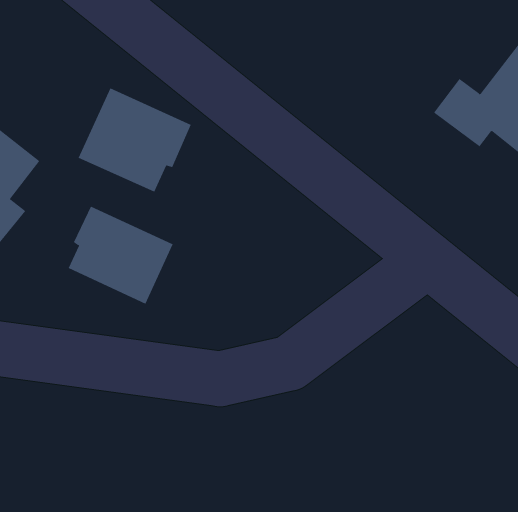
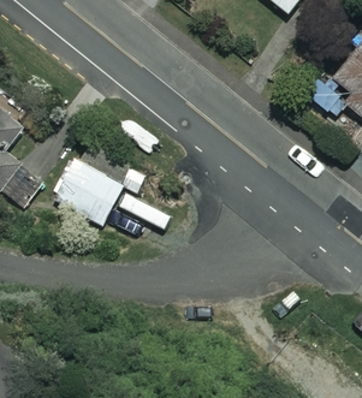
building: [78,87,192,193] -> none

